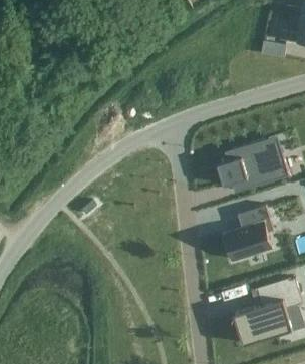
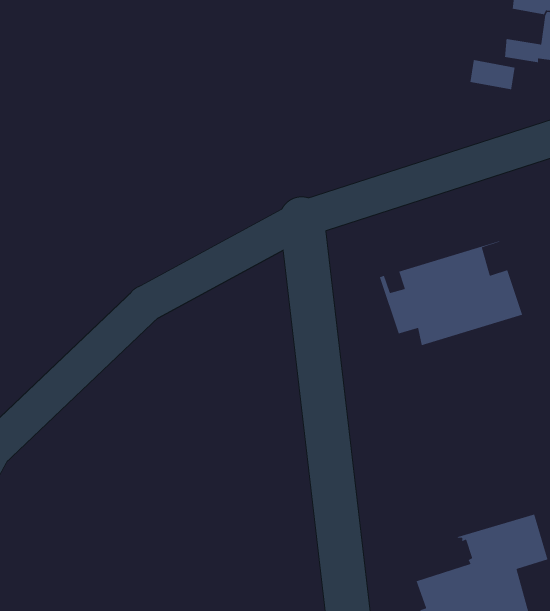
building: [223,206,273,261] -> none

